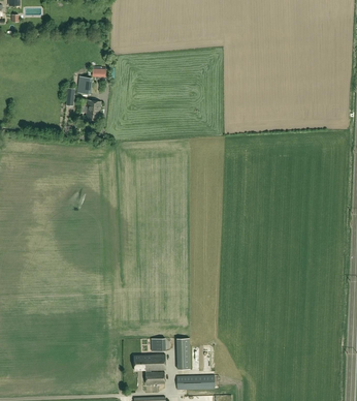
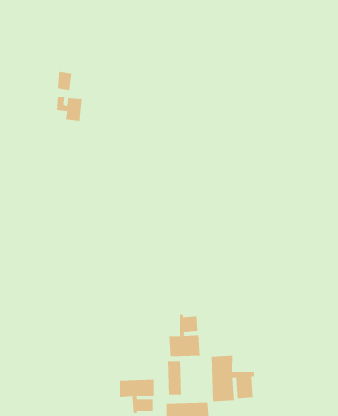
building: none -> [169,314,200,357]
building: none -> [211,355,255,402]

